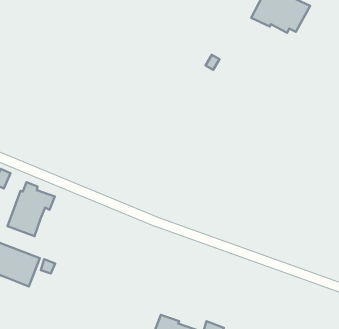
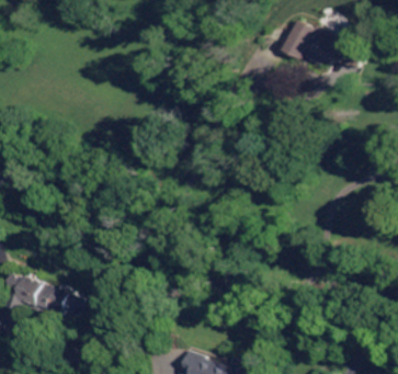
building: [8,182,55,236] -> none

